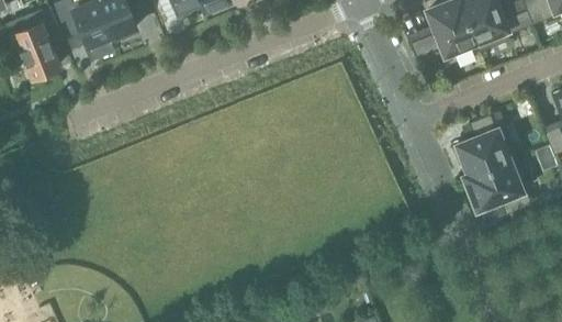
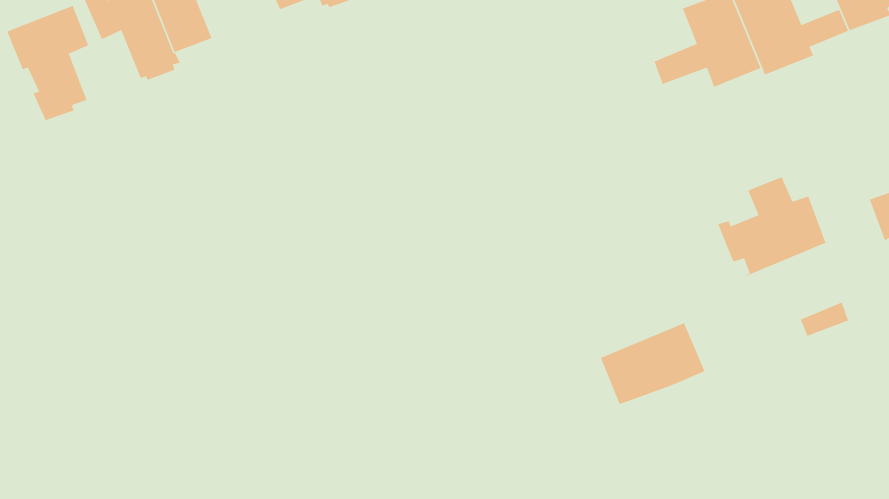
building: [464,156,530,208] -> [600,322,706,405]

